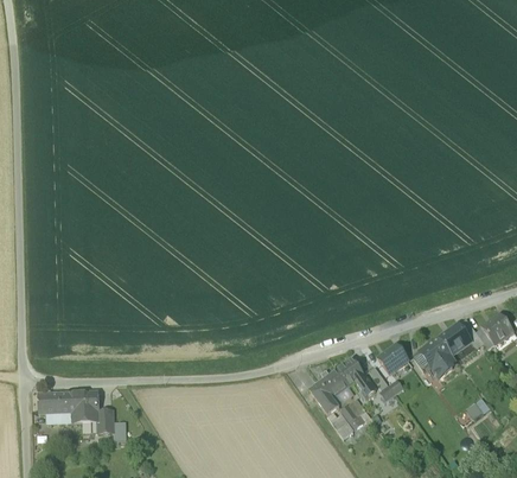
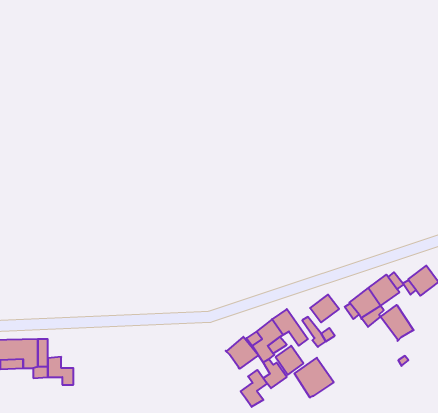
building: none -> [380,305,414,341]
building: none -> [226,337,258,369]
building: none -> [294,358,334,398]
building: none -> [241,370,267,407]

